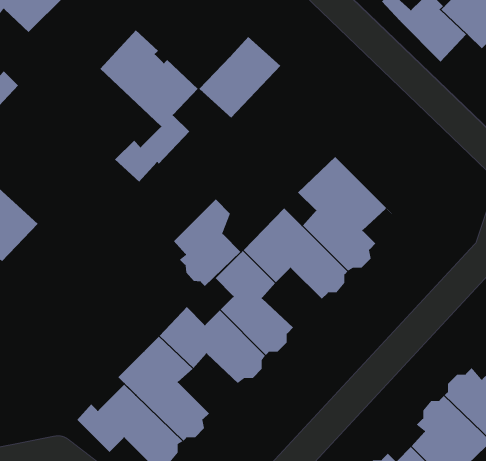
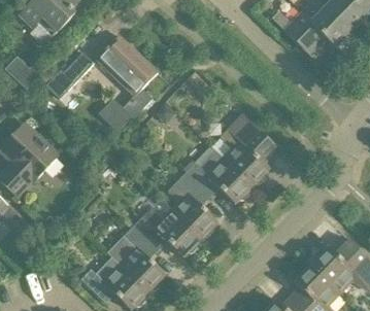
building: [198,36,281,118] -> none
building: none -> [45,51,94,98]
building: [173,199,241,287] -> none

